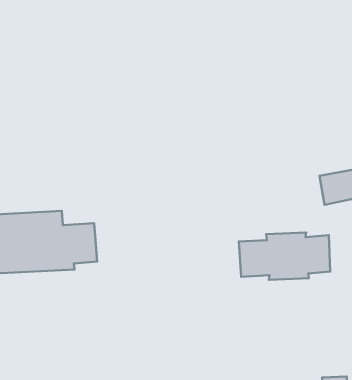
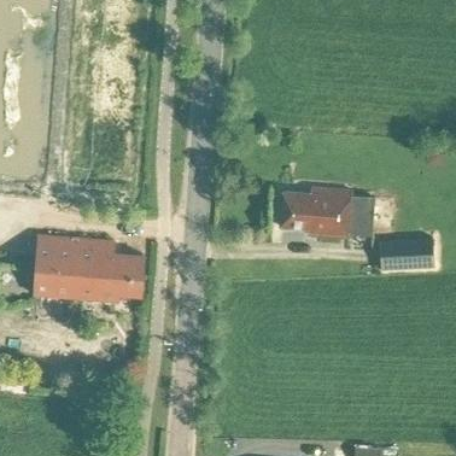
building: [239,232,330,280] -> [279,188,374,239]

